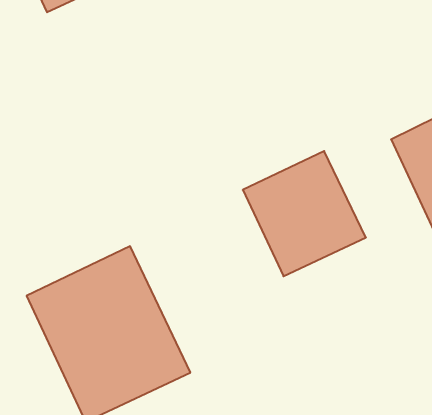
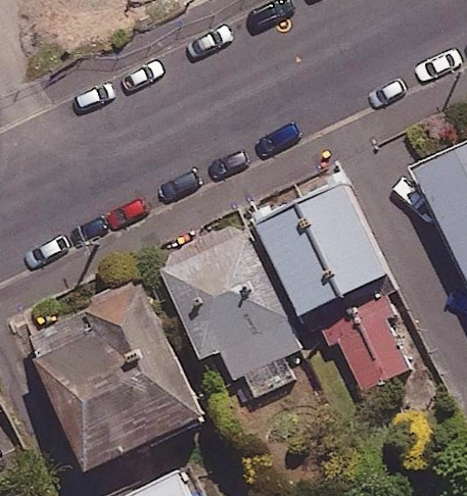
building: none -> [157,225,299,377]
building: none -> [320,296,407,388]

